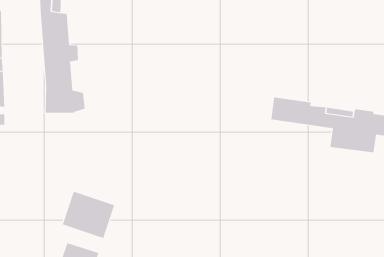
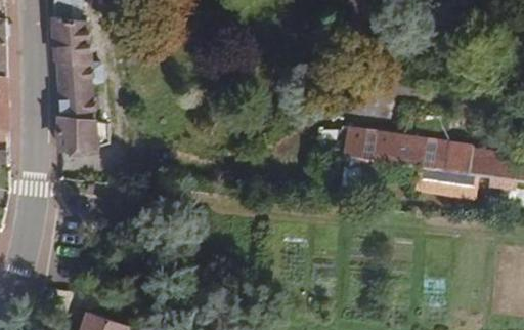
building: [62,191,115,239] -> none

